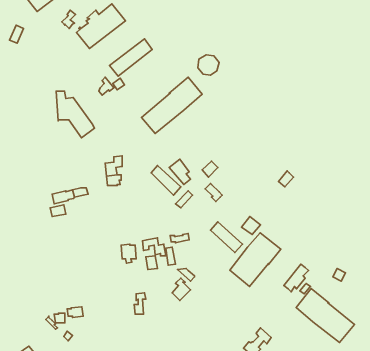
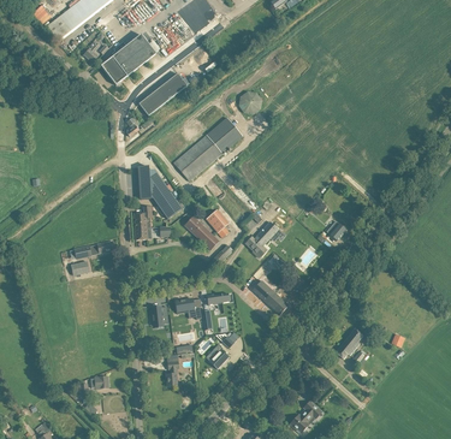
building: [56,91,94,138] -> [137,166,180,219]
building: [230,233,281,286] -> none
building: [296,289,354,343] -> none

